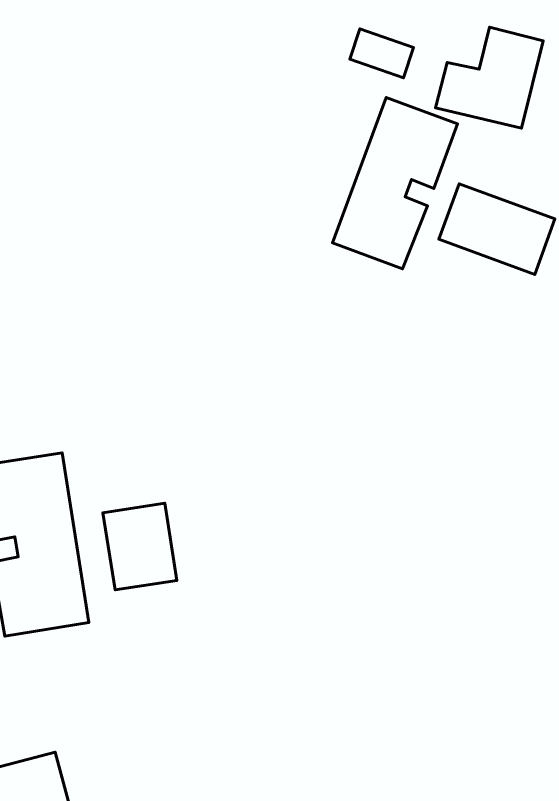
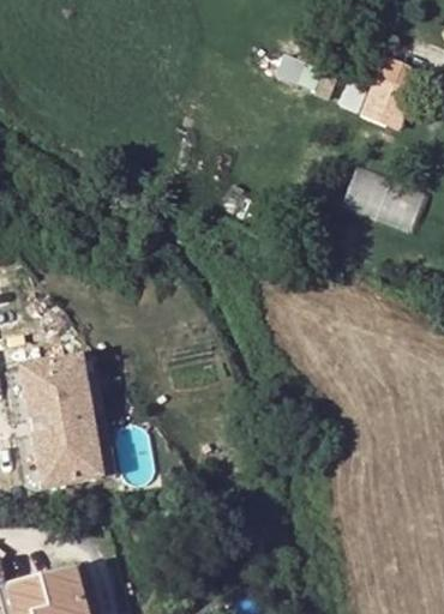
building: [332,98,458,269] -> none
building: [103,503,177,590] -> none

